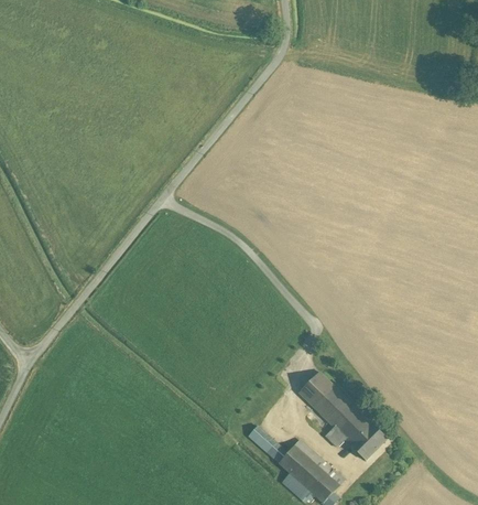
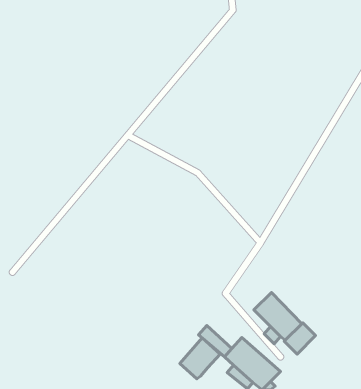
building: [297,370,333,406] -> none
building: none -> [180,338,220,379]

